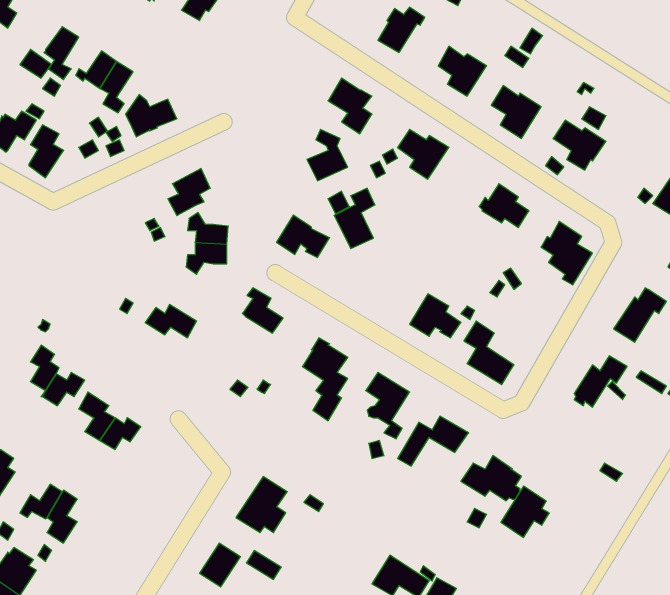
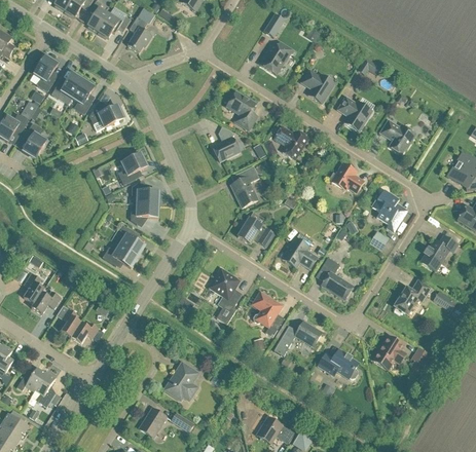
building: [277,215,330,257] -> [237,218,273,247]
building: [242,288,283,333] -> [116,226,144,257]
building: [501,486,549,537] -> [372,335,405,370]

